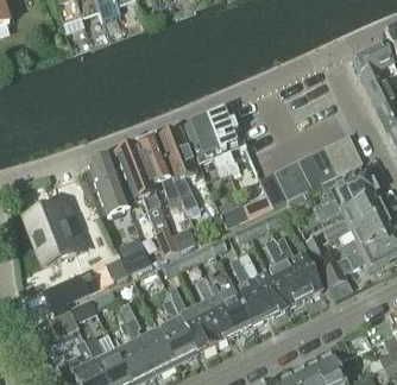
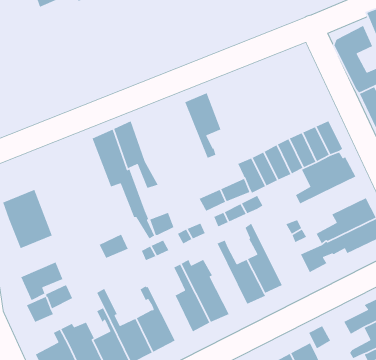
building: [185,118,229,177] -> none
building: [155,126,202,215] -> none
building: [89,154,130,215] -> none
building: [324,191,386,240] -> none
building: [276,235,322,298] -> none
building: [232,257,269,327] -> none
building: [168,285,215,353] -> none

